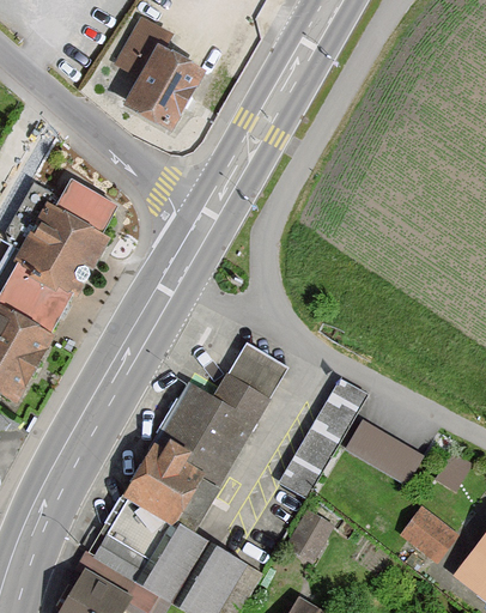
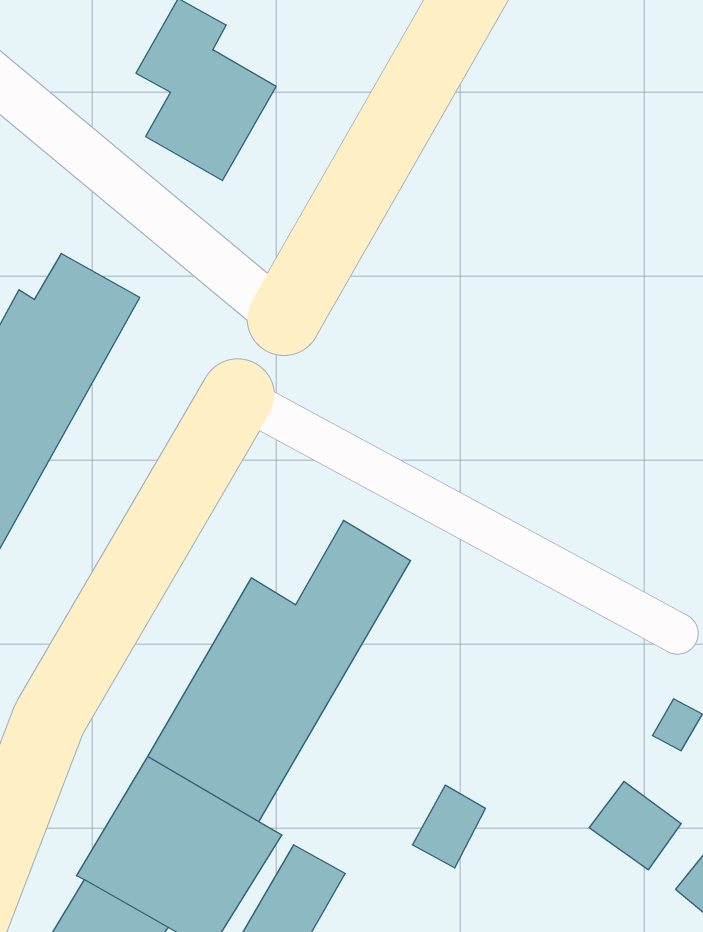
building: [285,375,369,491] -> none
building: [345,420,421,482] -> none

